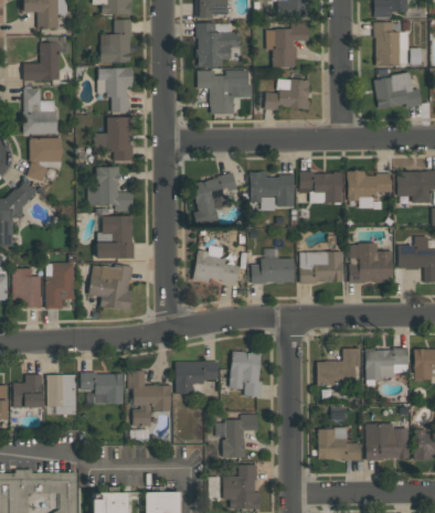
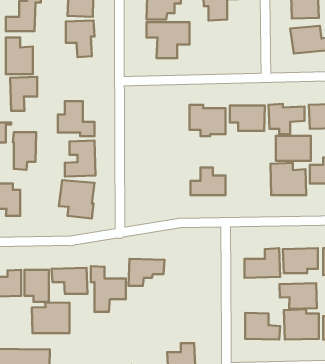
building: [264,78,309,109] -> none
building: [94,117,132,161] -> none
building: [191,173,237,214] -> none
building: [192,245,240,284] -> none
building: [299,252,342,282] -> [276,136,311,161]
building: [45,263,74,309] -> [13,132,36,170]
building: [230,351,262,397] -> none
building: none -> [279,283,317,309]
building: [223,414,257,458] -> none
building: none -> [32,302,70,333]

